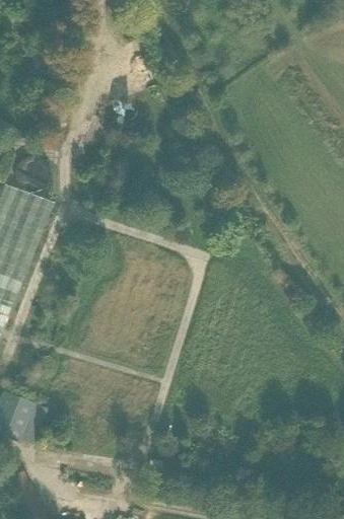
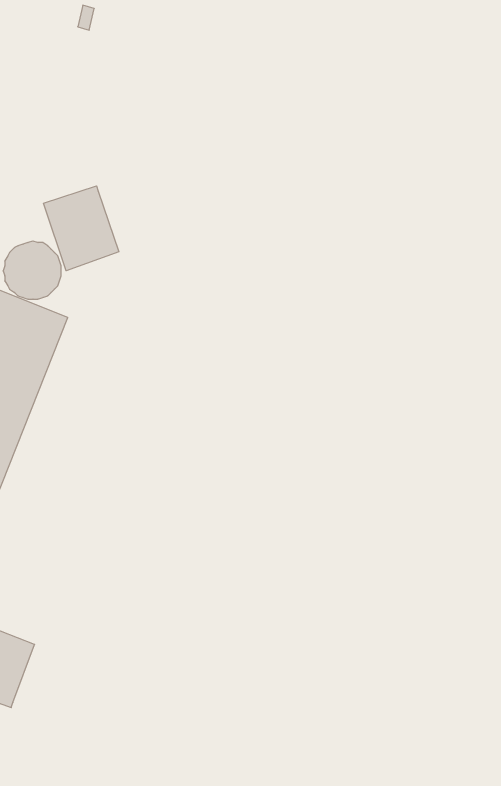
building: none -> [44,186,119,271]

